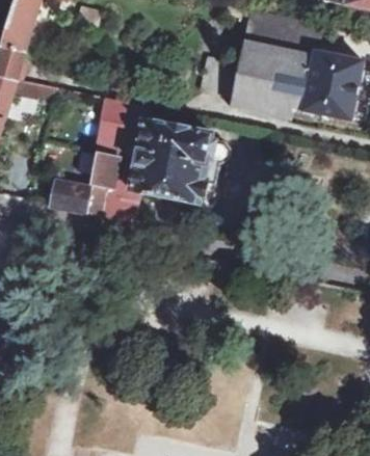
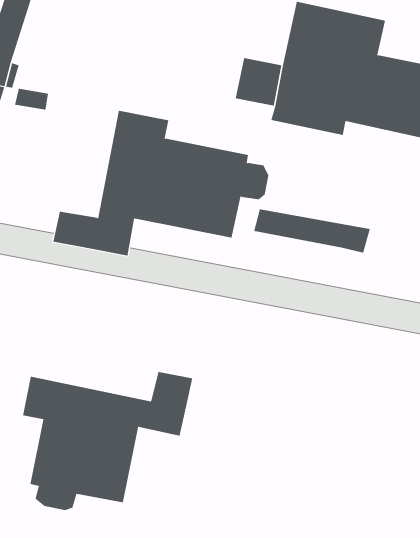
building: none -> [254,209,371,254]
building: none -> [22,371,193,511]

